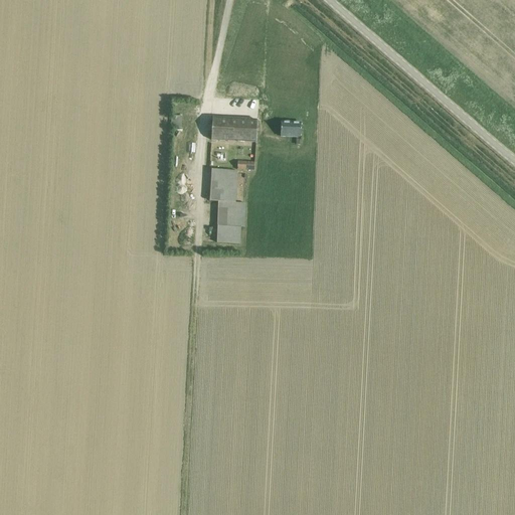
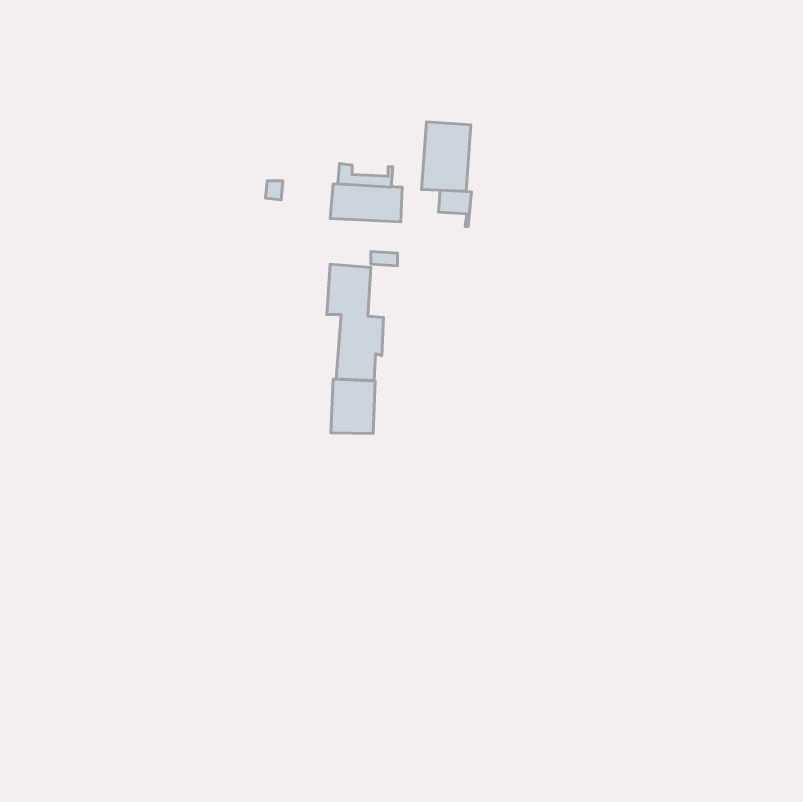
building: none -> [421,122,471,191]
building: none -> [331,379,375,433]

